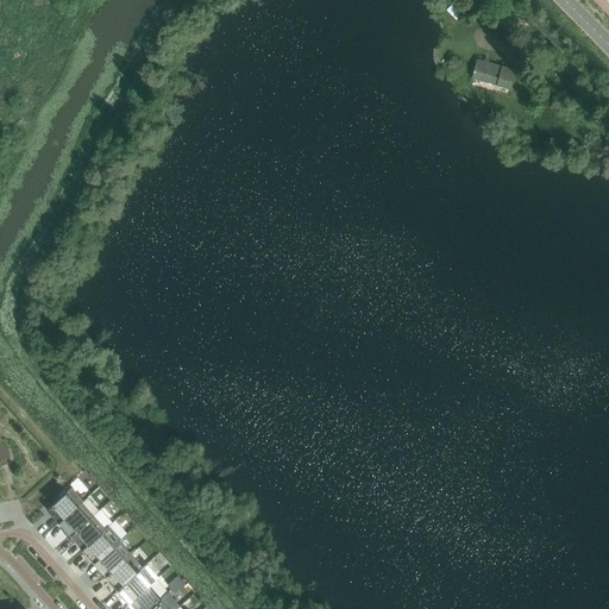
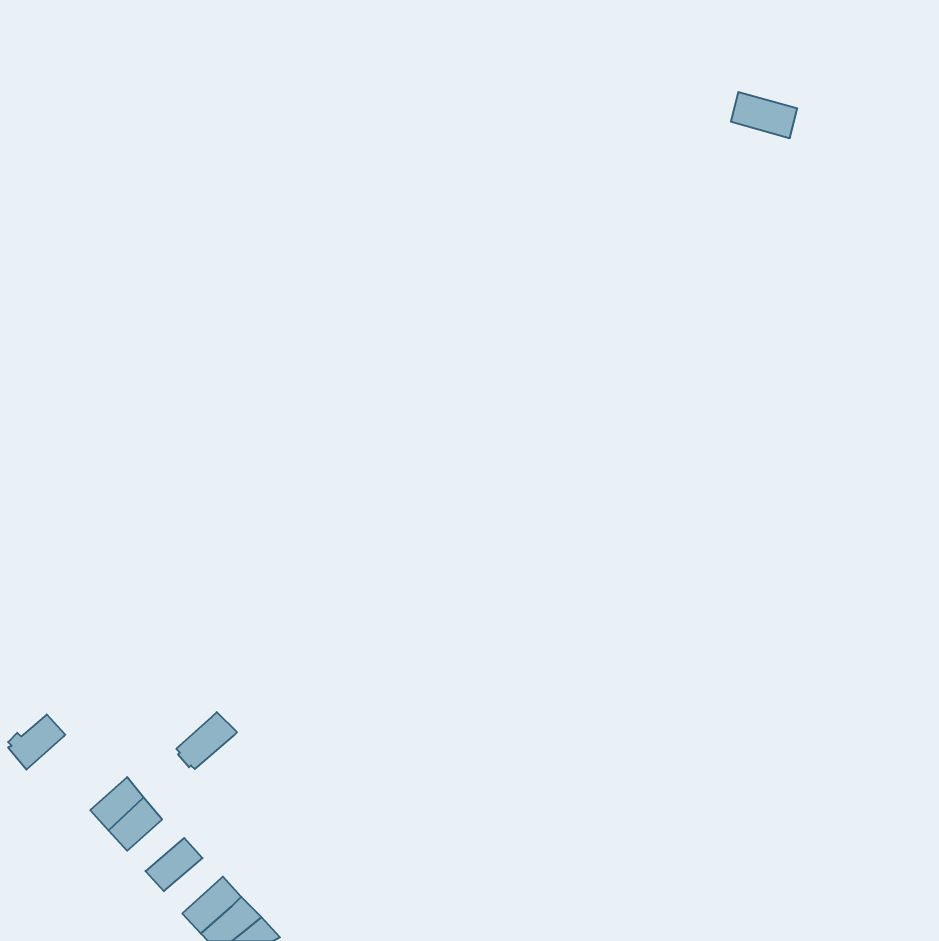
building: [48,488,84,523] -> [8,714,65,770]
building: [83,526,123,563] -> [176,712,237,769]
building: [107,554,144,590] -> none

